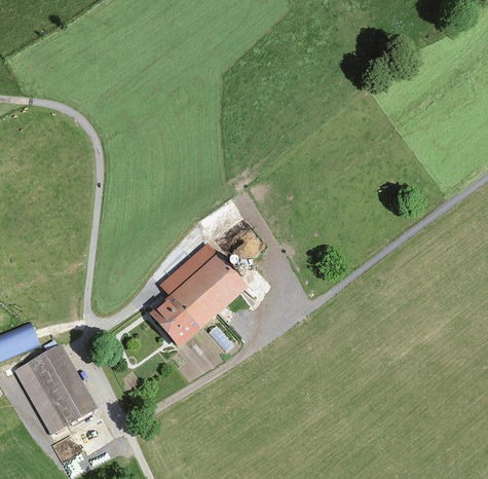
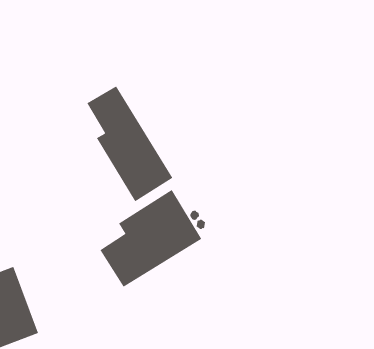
building: none -> [87,85,173,202]

